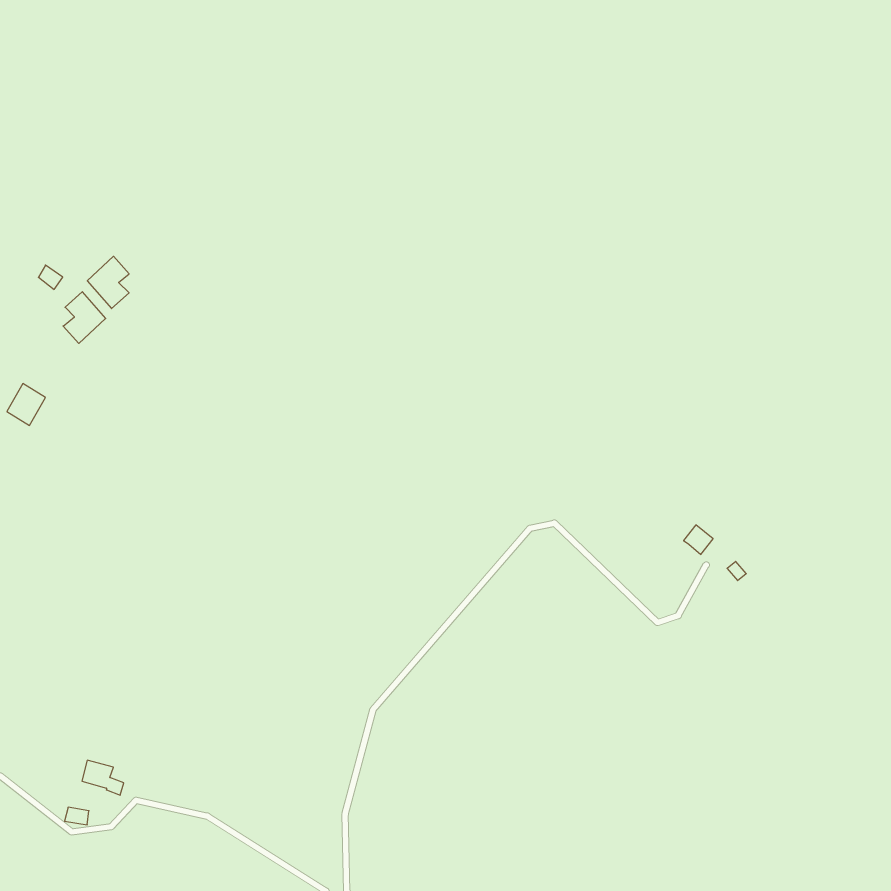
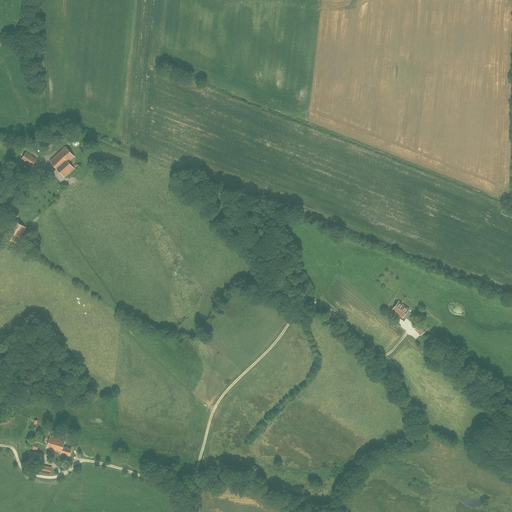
building: [63,292,106,343] -> none

